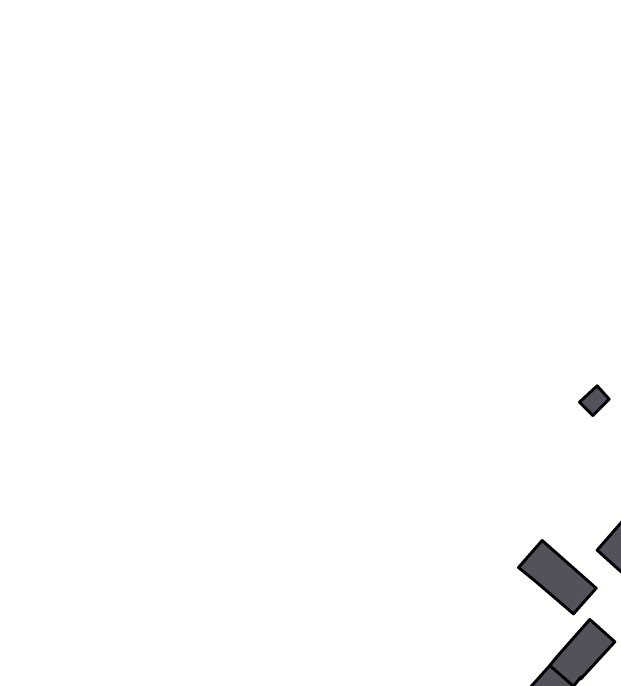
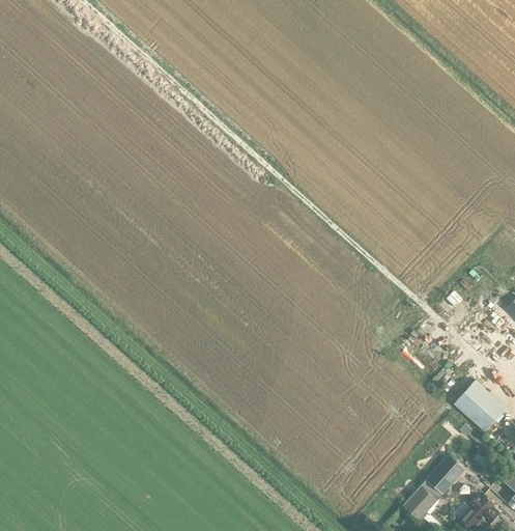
building: [519,541,596,614] -> none

